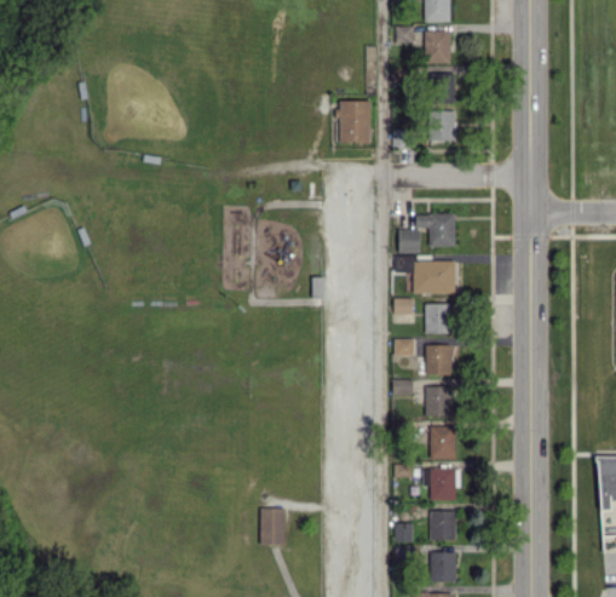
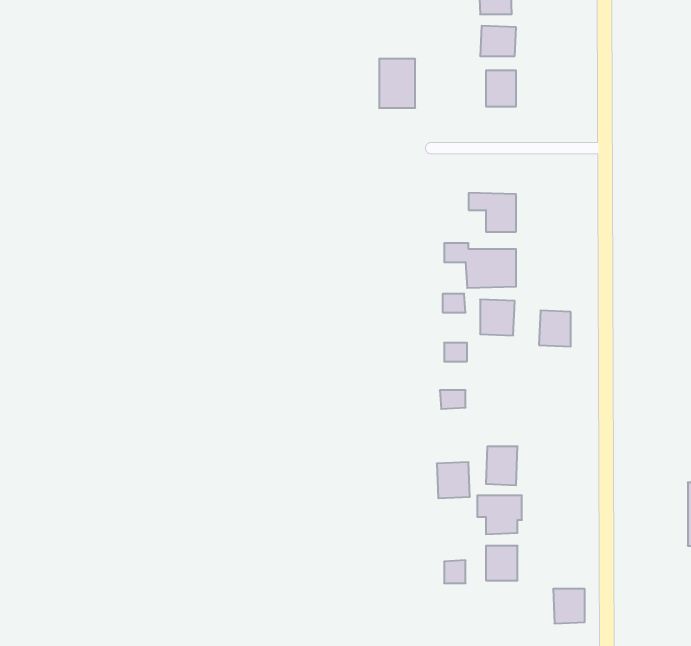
building: [398,230,420,254] -> none
building: [425,345,451,375] -> [539,311,571,347]
building: [424,386,451,417] -> [437,462,470,498]
building: [260,510,286,546] -> none
building: [430,553,456,582] -> [553,589,585,623]

